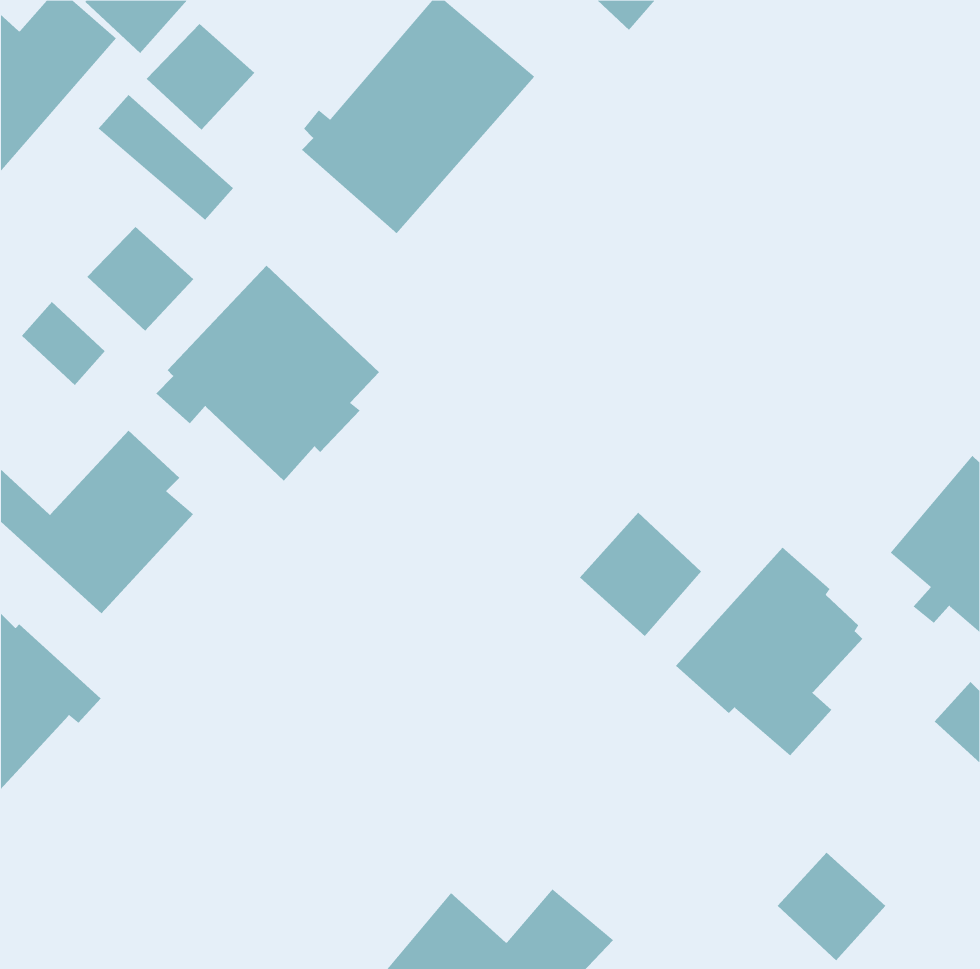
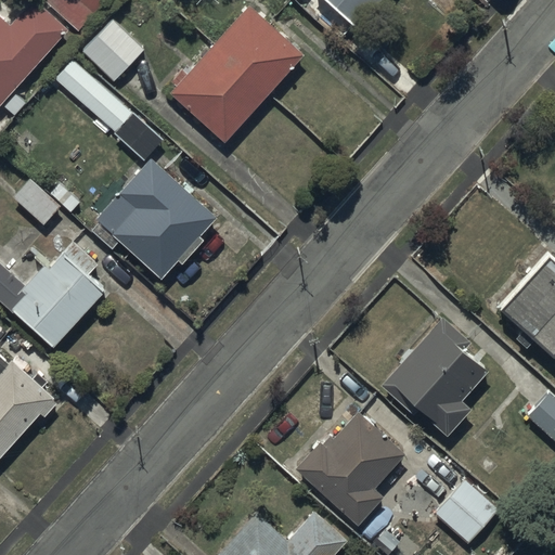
building: [86,226,194,332] -> none
building: [579,512,702,637] -> none
building: none -> [300,418,405,530]

